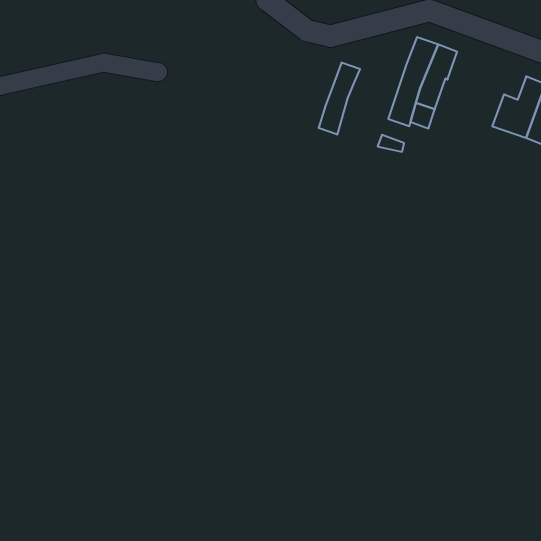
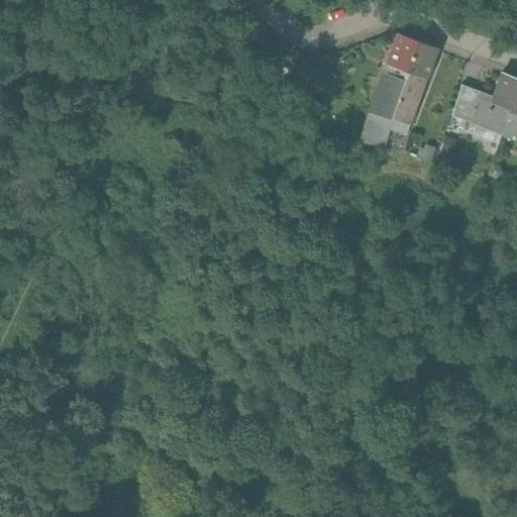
building: [319,62,360,135] -> none
building: none -> [451,84,481,121]

